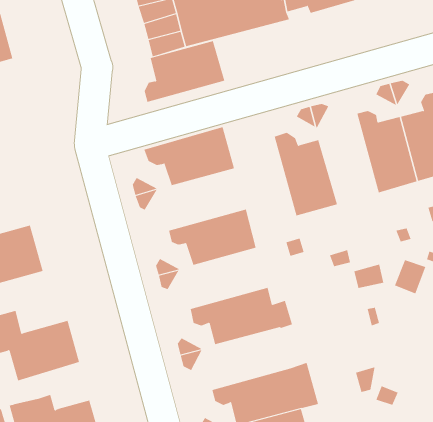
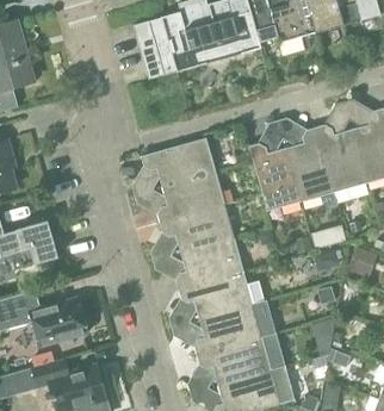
building: [144,40,225,103] -> [159,173,225,224]
building: none -> [285,127,334,203]
building: none -> [176,238,243,288]
building: none -> [194,304,261,355]

